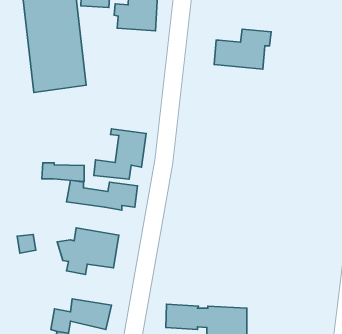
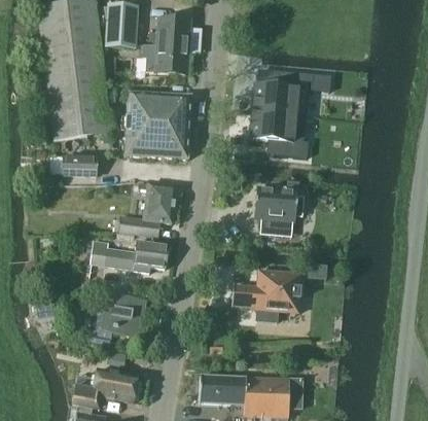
building: none -> [124,90,192,157]
building: none -> [249,110,309,156]
building: none -> [254,180,305,237]
building: [42,163,84,181] -> [50,154,97,175]
building: none -> [233,270,299,320]

